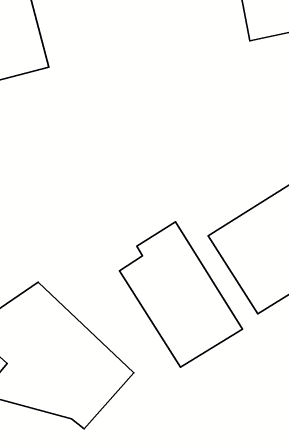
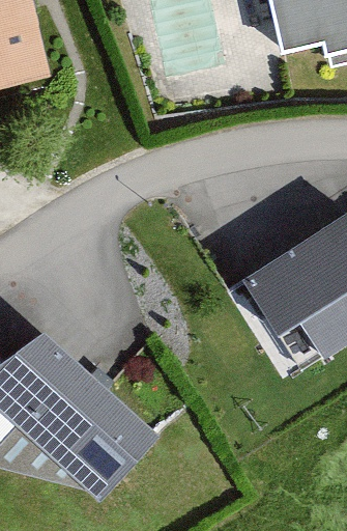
building: [120,222,243,367] -> none

